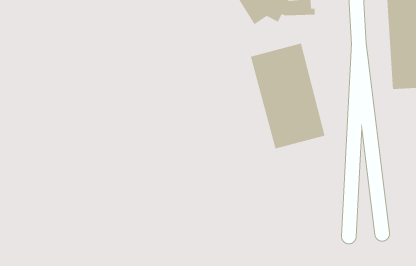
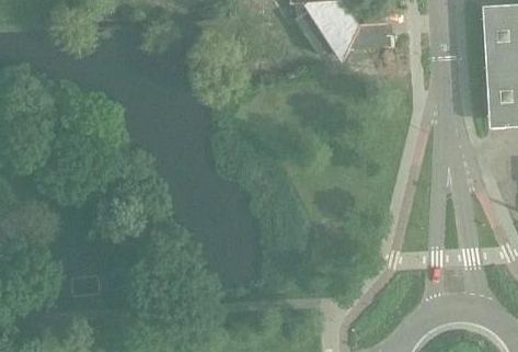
building: [250,42,326,150] -> none

